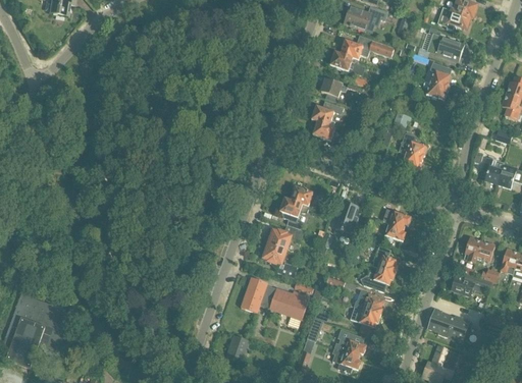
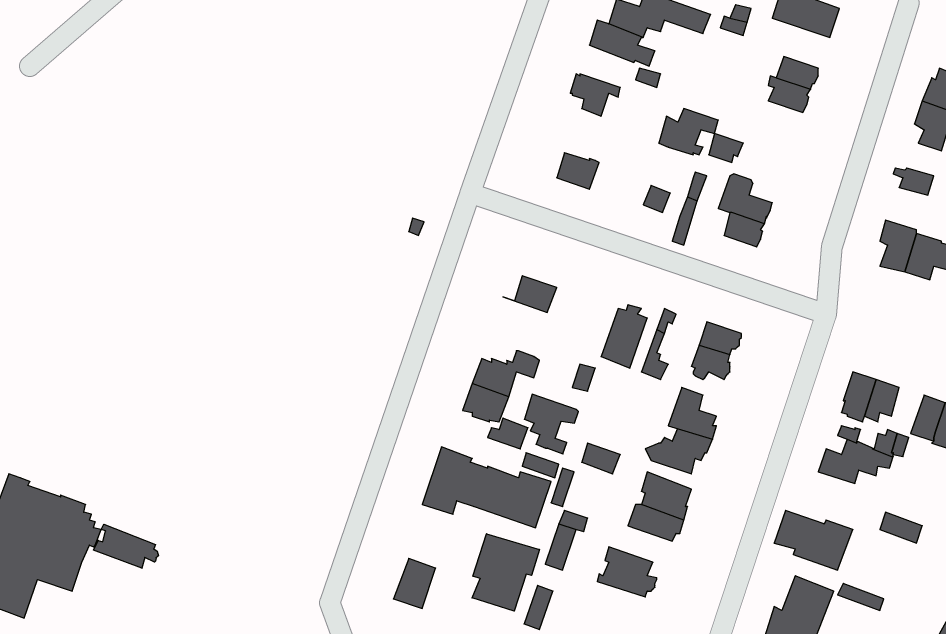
building: [312,100,344,124] -> [659,109,718,155]
building: [280,197,309,228] -> [524,394,578,454]
building: none -> [94,524,158,568]
building: none -> [472,534,539,611]
building: [332,347,360,370] -> none

